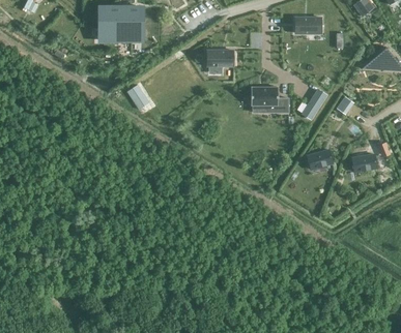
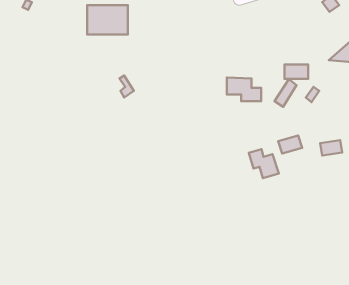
building: [295,18,321,33] -> [284,65,308,79]
building: [207,51,233,66] -> none
building: none -> [249,149,279,178]

